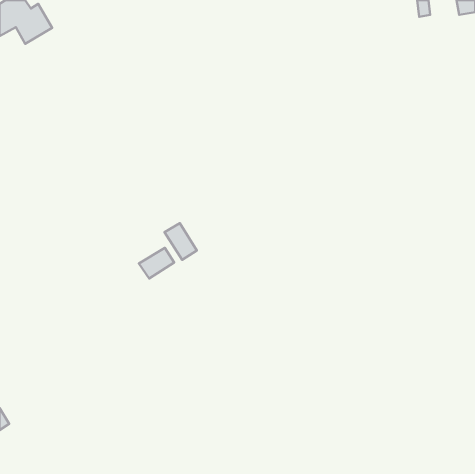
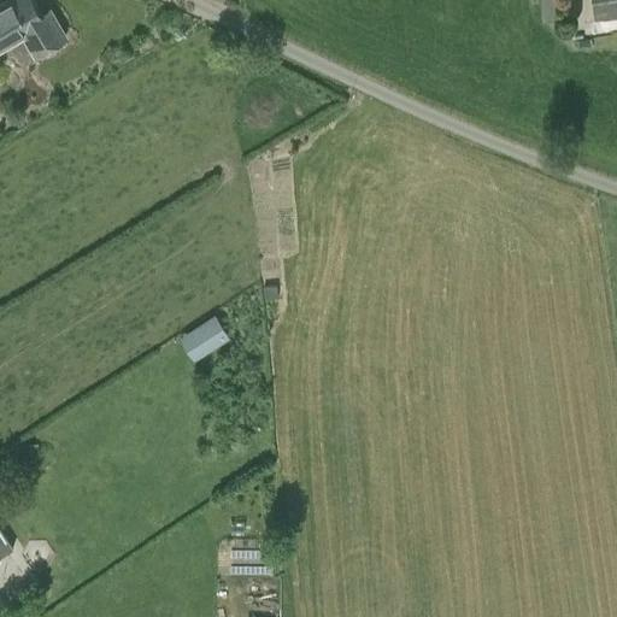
building: [164,223,197,260] -> none

